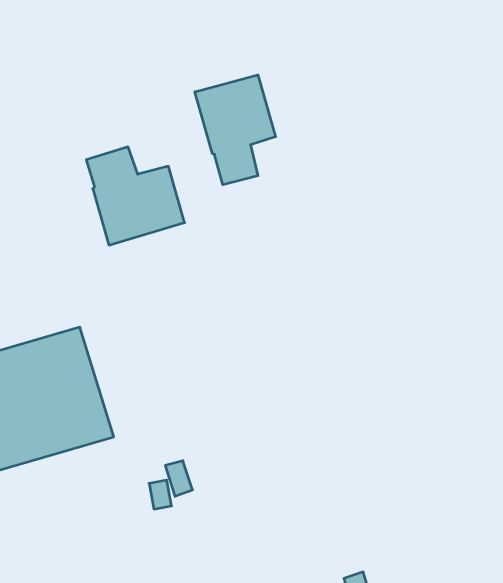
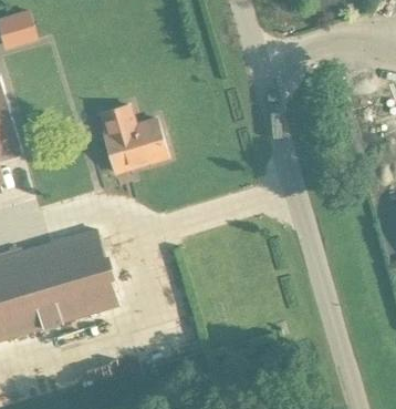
building: [195,75,276,185] -> none

